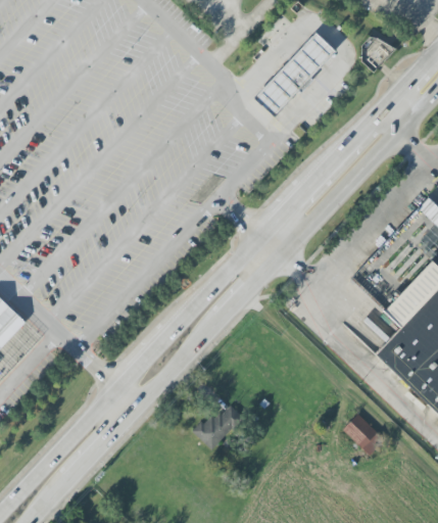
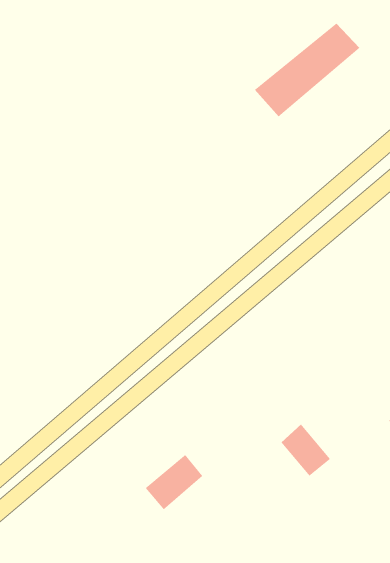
building: [341,413,384,456] -> [281,424,331,476]

